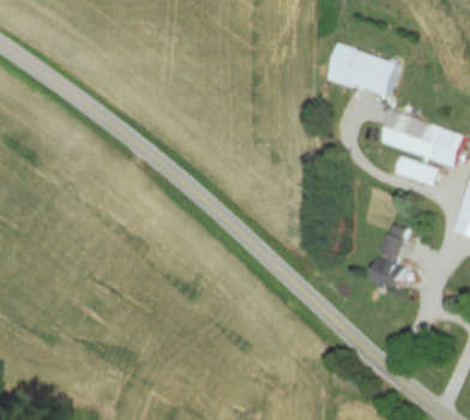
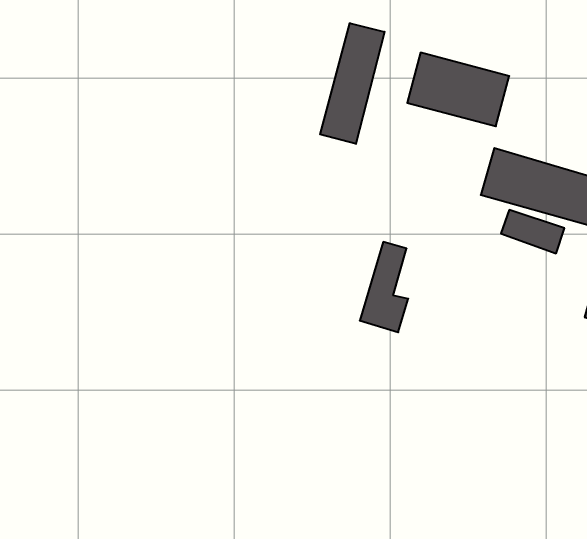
building: none -> [320,23,385,144]
building: [370,226,405,290] -> [360,242,408,332]

